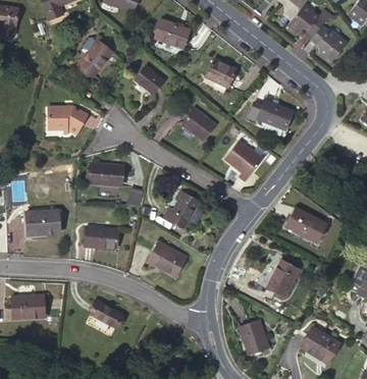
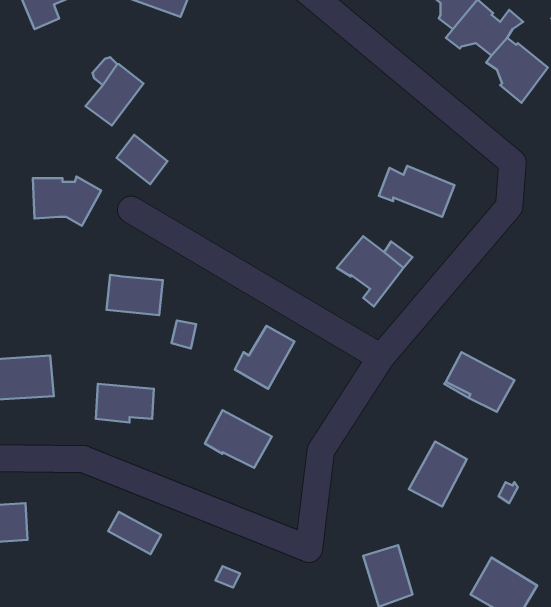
building: [155,19,191,49] -> none
building: [206,58,237,88] -> none
building: [135,66,164,95] -> [117,135,168,184]
building: [182,109,215,141] -> none

